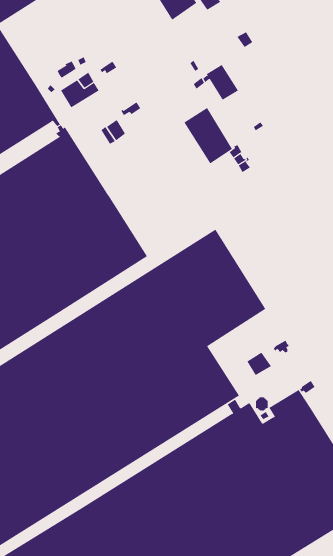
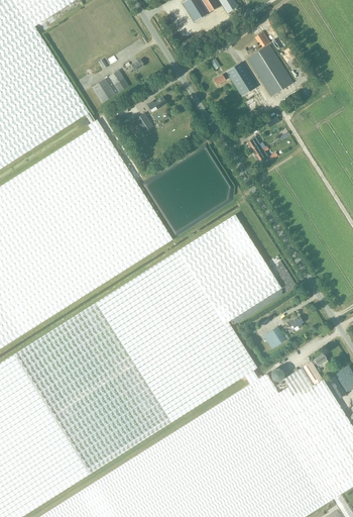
building: [183,107,233,164] -> [246,44,291,97]

